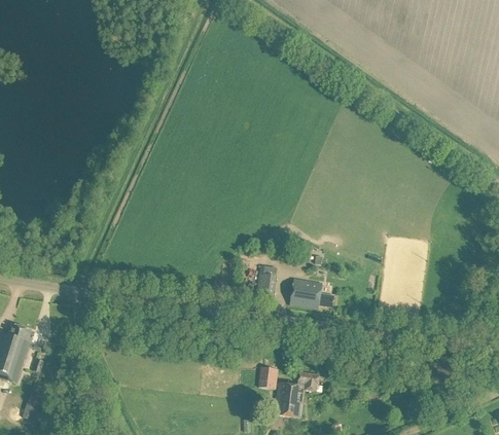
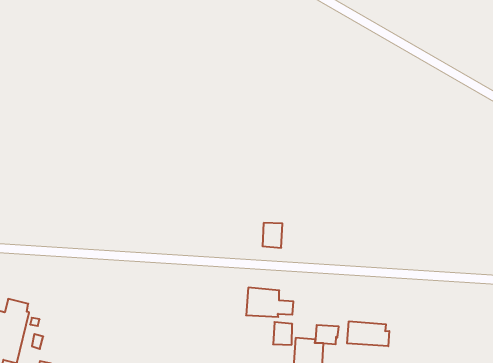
building: [289,278,334,307] -> [246,288,293,317]
building: none -> [347,321,389,346]

